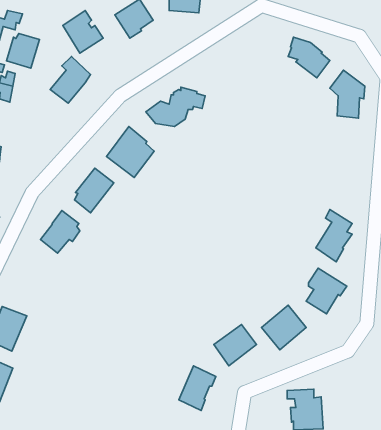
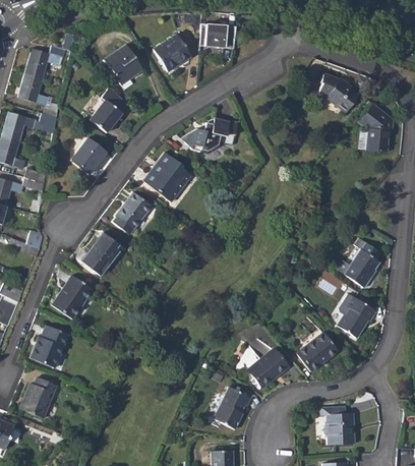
building: [6,33,39,68] -> none
building: none -> [73,138,109,176]
building: none -> [52,278,94,322]

